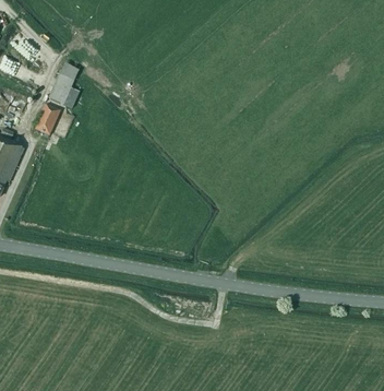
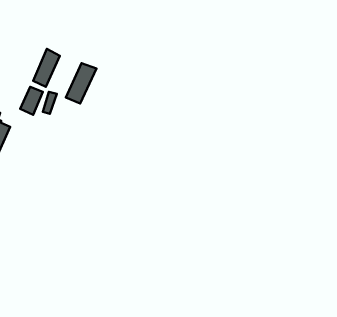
building: none -> [66,63,96,104]

